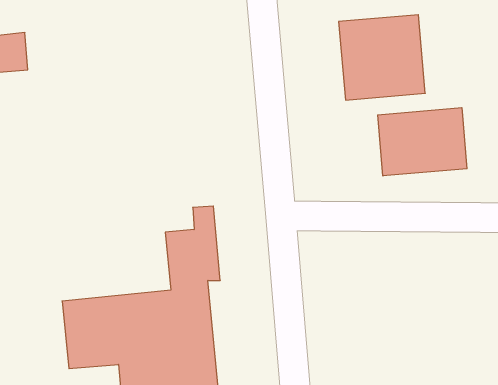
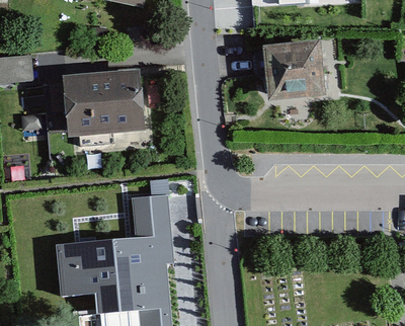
building: none -> [62,68,145,137]
building: [378,108,467,176] -> none

